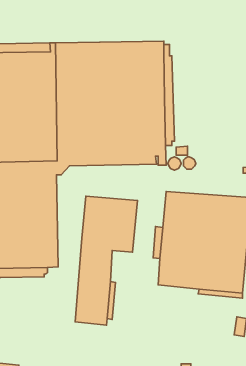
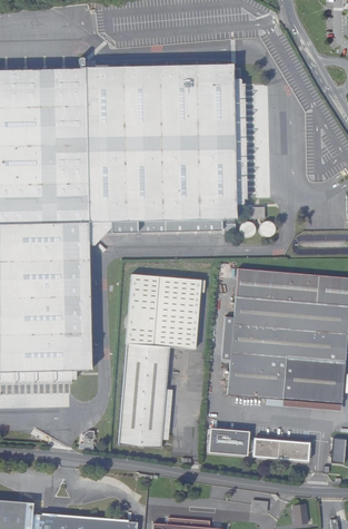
building: none -> [206,429,246,455]
building: none -> [249,439,306,461]

